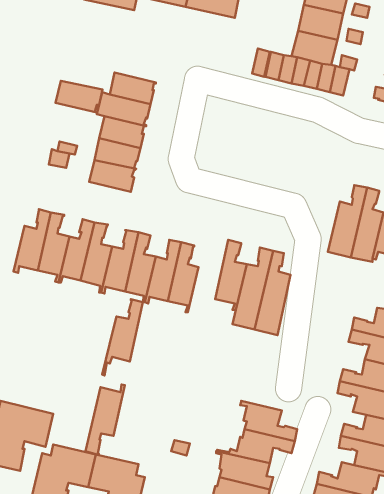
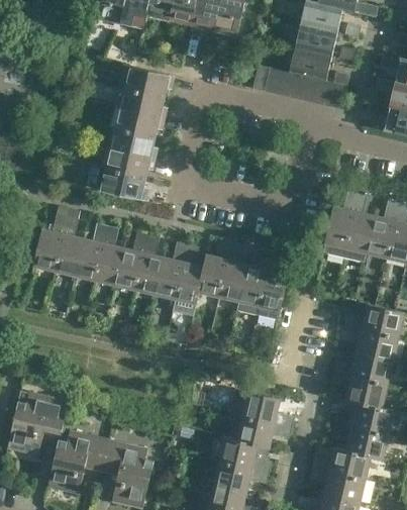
building: [55,81,102,113] -> [125,67,169,96]
building: [102,299,143,376] -> [193,238,230,309]
building: [85,385,125,455] -> none

